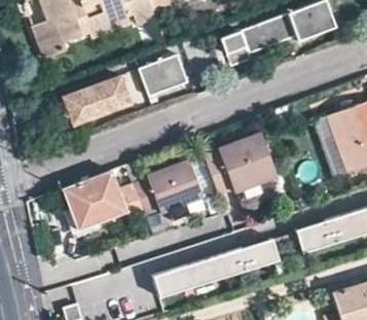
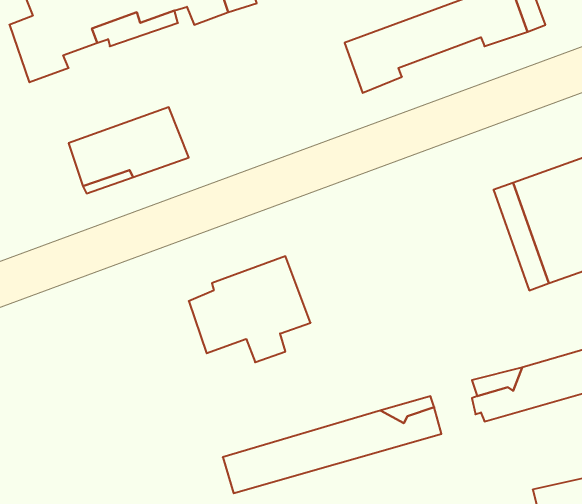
building: [142,52,191,95] -> none
building: [207,132,278,200] -> none
building: [65,169,129,229] -> none

